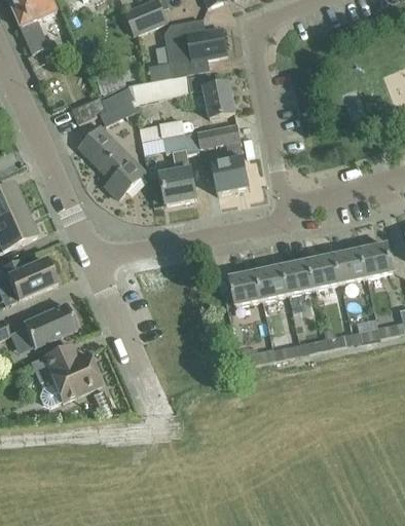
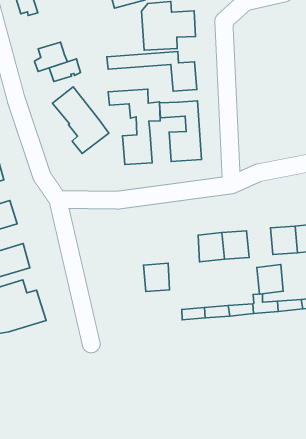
building: [100,89,136,124] -> [35,42,67,71]
building: [308,254,340,289] -> [257,265,283,294]
building: [229,271,261,305] -> [143,263,170,292]

